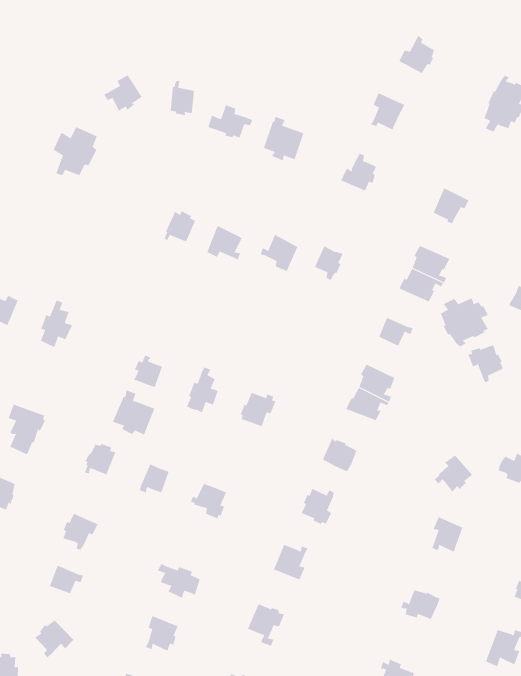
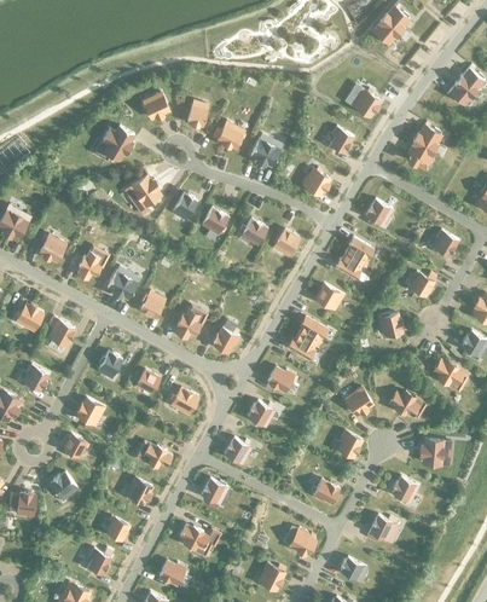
building: none -> [131,175,160,215]
building: [440,298,489,347] -> none
building: [112,390,155,435] -> [105,266,137,300]

